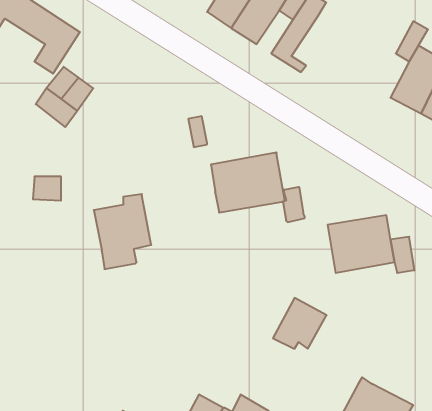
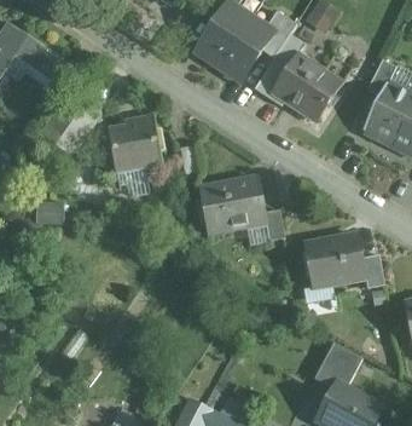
building: none -> [272,56,341,121]
building: [94,194,151,269] -> [108,117,159,185]
building: [273,298,327,349] -> [313,342,361,388]

